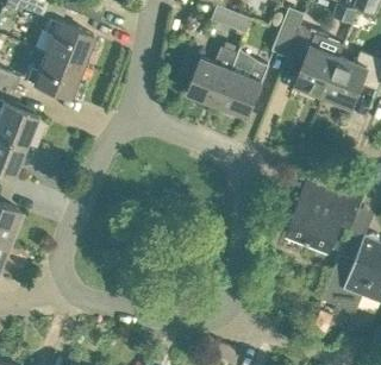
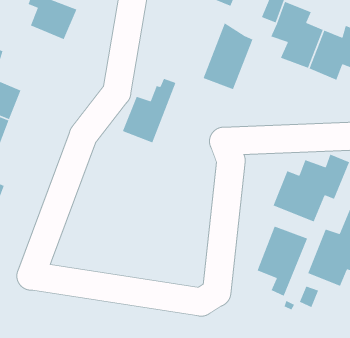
building: [186,39,241,105] -> [122,78,177,143]
building: [23,52,79,97] -> none
building: none -> [257,225,308,297]

